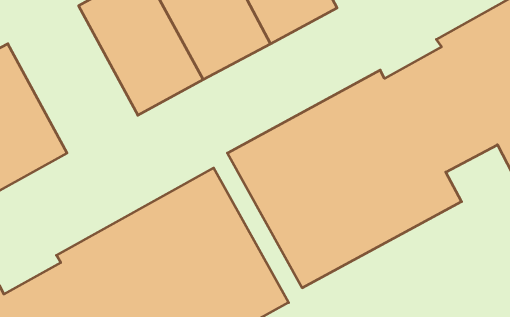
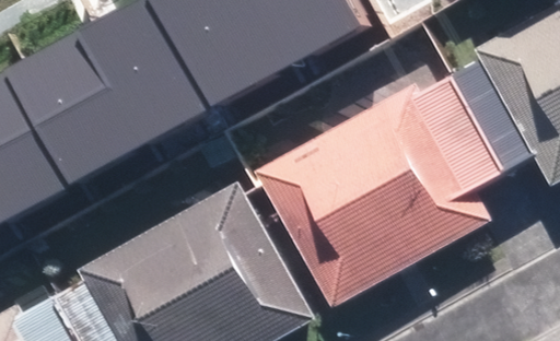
building: none -> [27,16,162,169]

